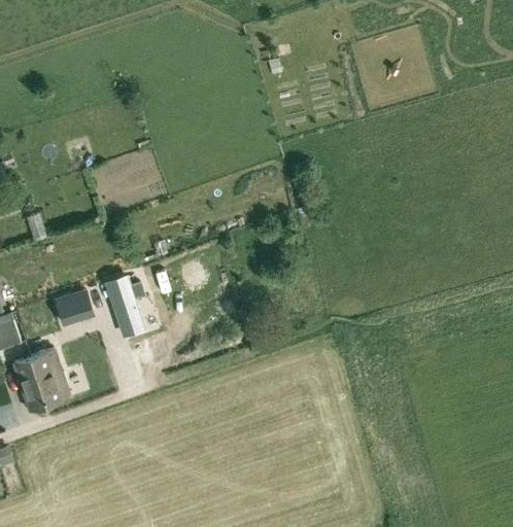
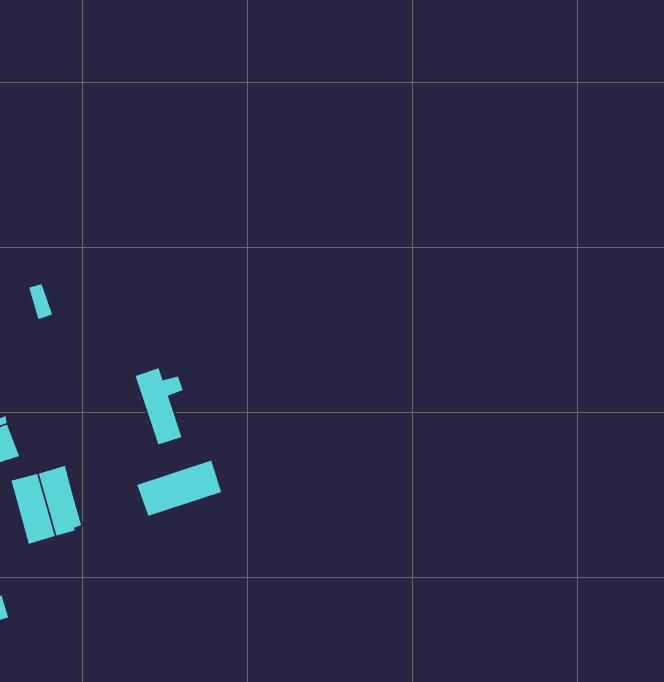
building: [57,292,93,323] -> none
building: none -> [136,459,222,517]

